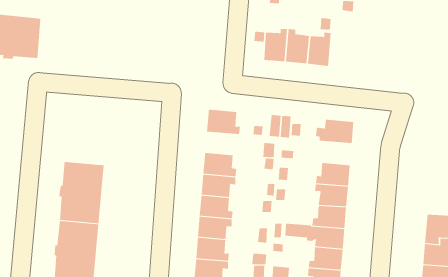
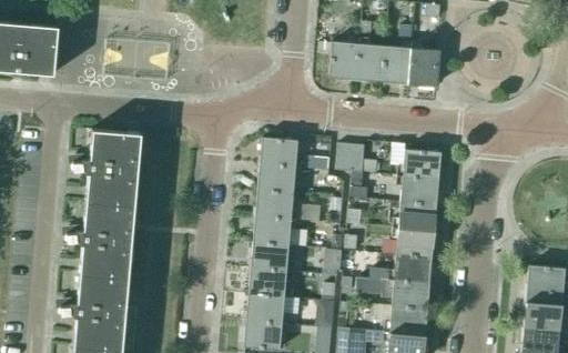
building: none -> [409,43,439,87]
building: none -> [85,129,141,205]
building: none -> [257,164,301,193]
building: none -> [396,175,438,205]

